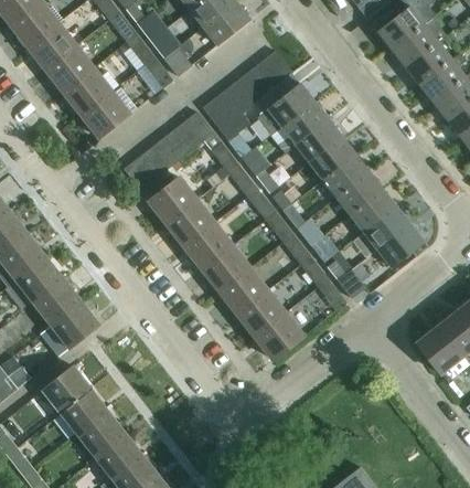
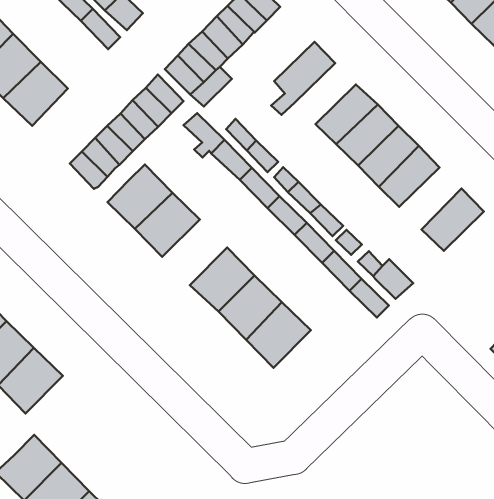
building: [264,83,314,135] -> none
building: [295,118,341,161] -> none
building: [362,204,409,248] -> none
building: [183,221,232,268] -> none
building: [255,312,303,359] -> none

